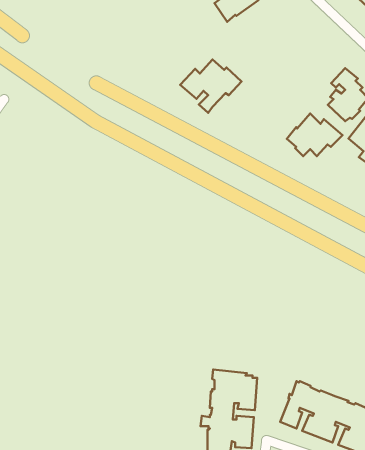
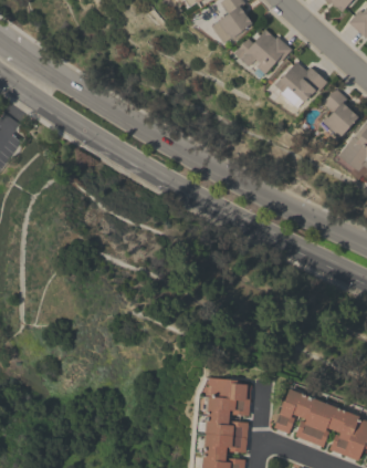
building: [180,60,242,113] -> [233,29,292,80]
building: [287,113,342,156] -> [274,61,327,102]

